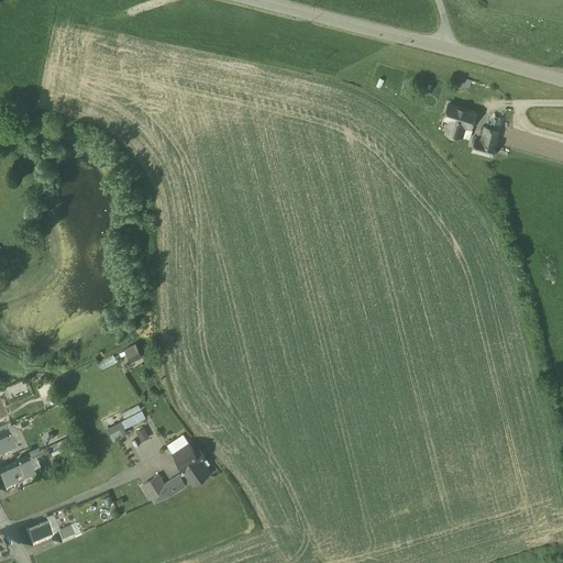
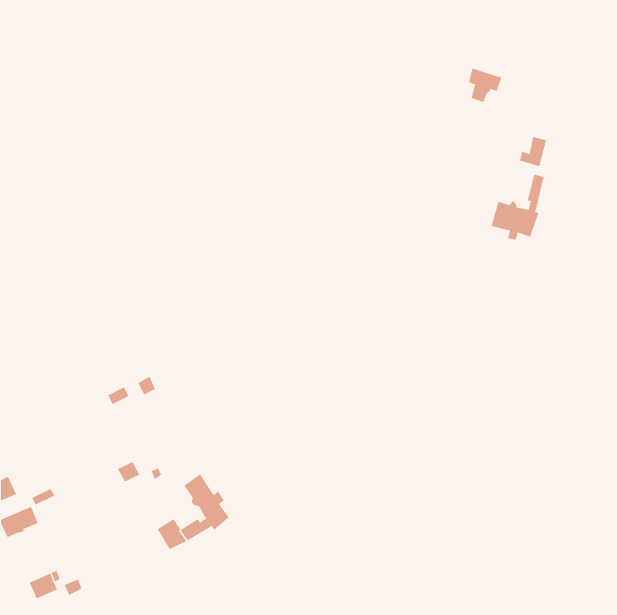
building: [444,102,475,134] -> [468,68,502,103]
building: none -> [491,174,544,241]

